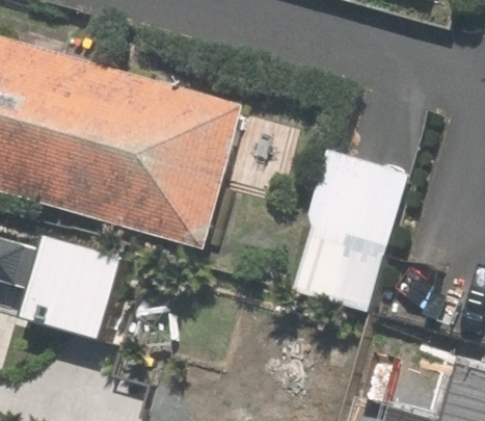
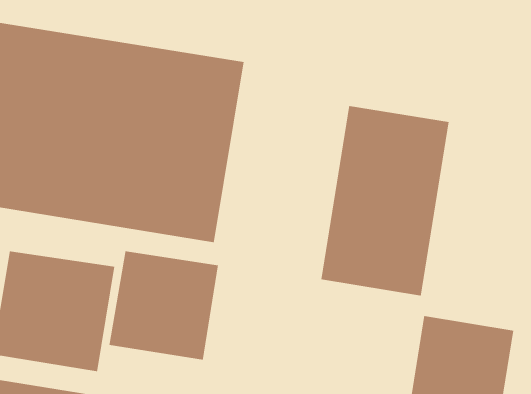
building: none -> [109,250,219,361]

